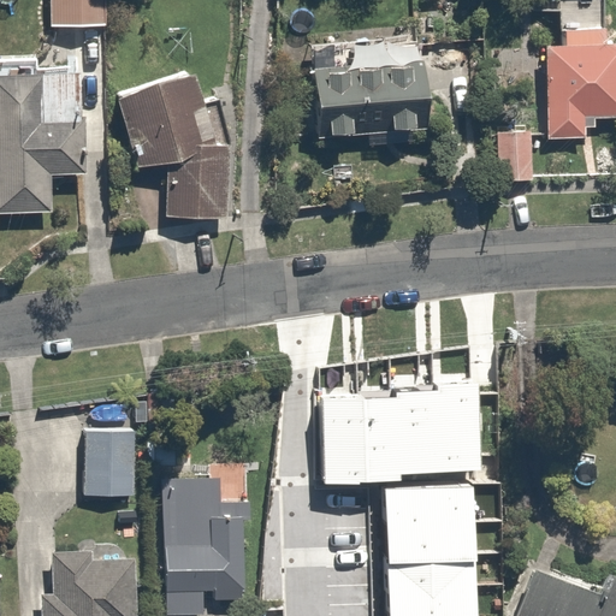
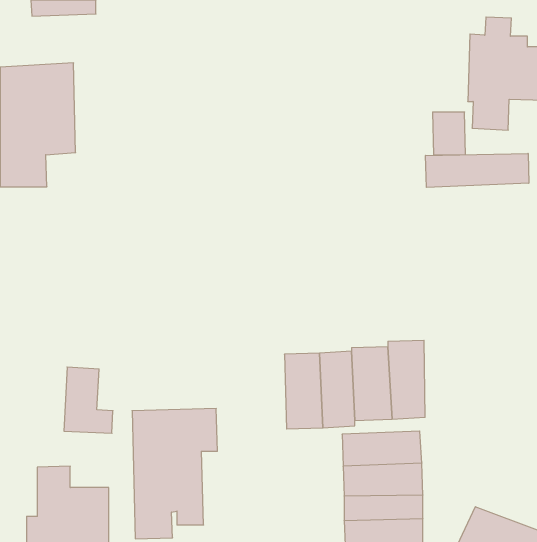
building: [298,30,428,130] -> none
building: [101,65,221,214] -> none
building: none -> [426,153,529,187]

